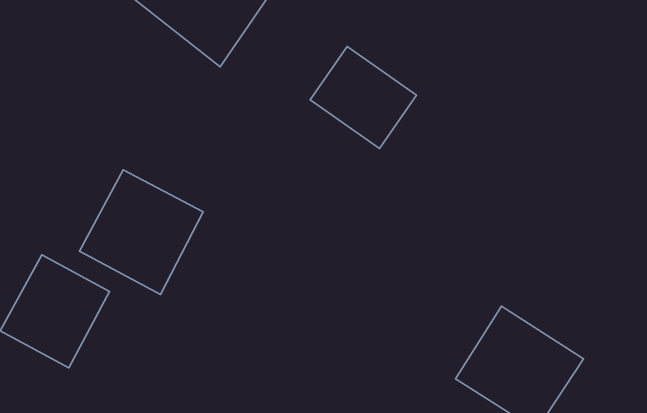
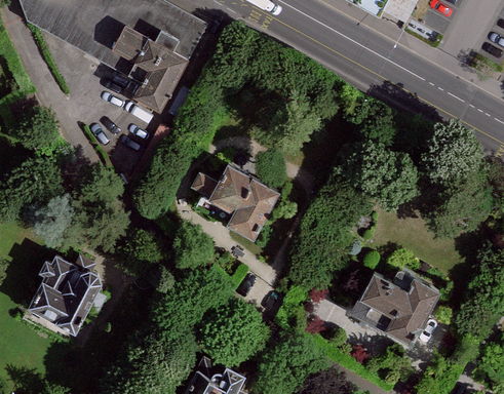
building: [310,47,417,148] -> [206,159,281,229]
building: [79,170,203,295] -> none

